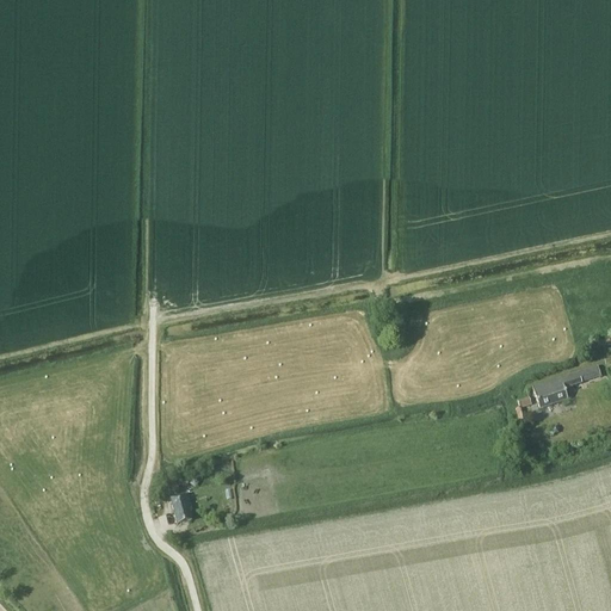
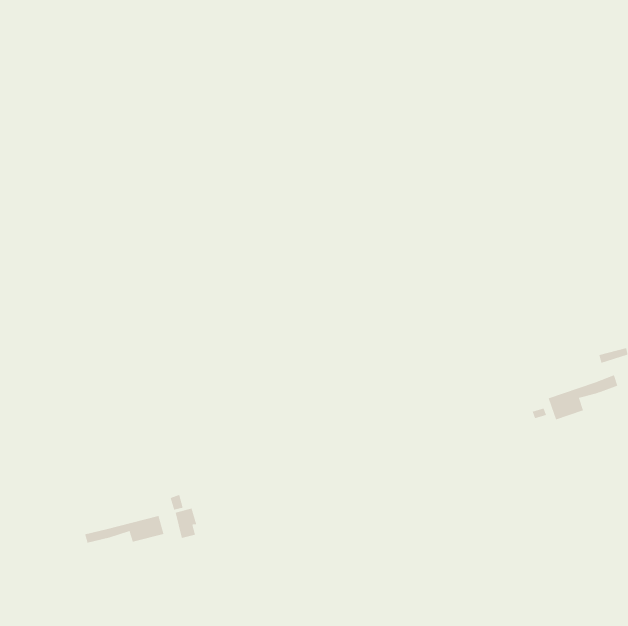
building: none -> [84,515,164,543]

